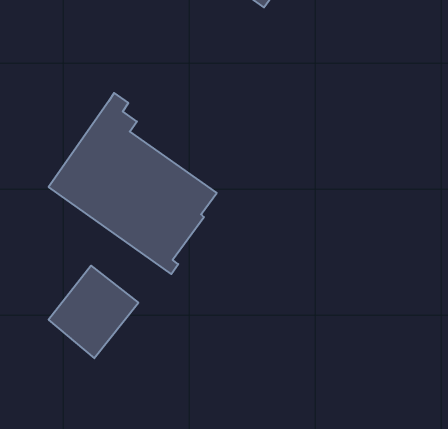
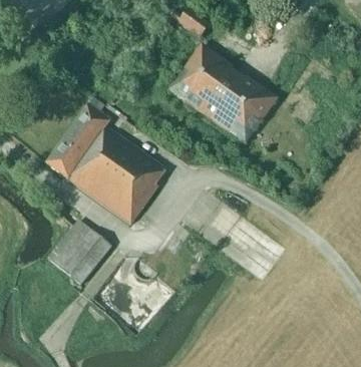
building: none -> [168,42,278,143]

